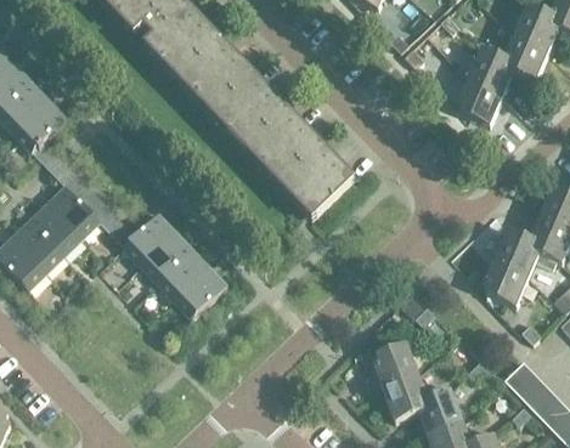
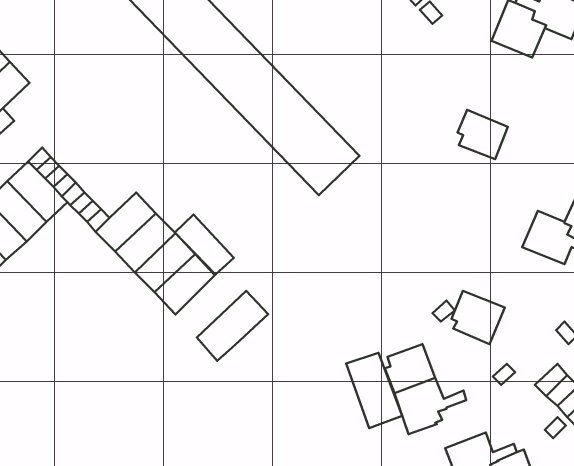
building: [457,80,501,123] -> [457,110,508,159]
building: none -> [175,214,234,274]
building: [482,259,529,305] -> [452,291,505,344]
building: none -> [197,291,268,361]
building: none -> [346,353,402,428]
building: [417,389,461,432] -> none

